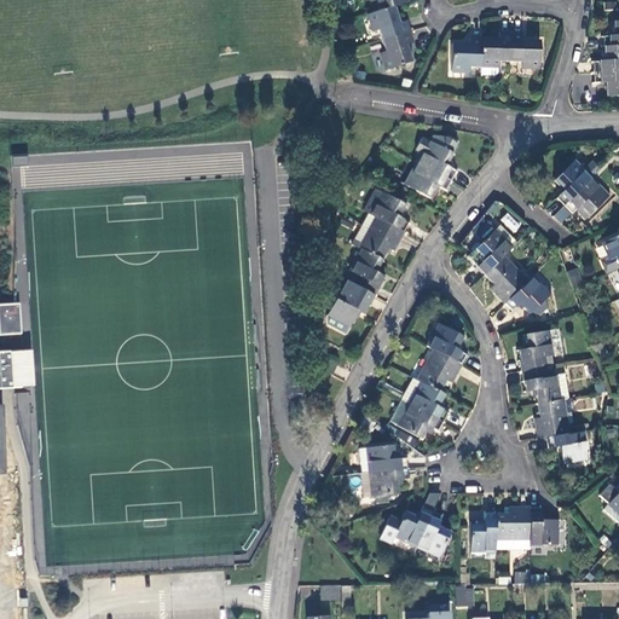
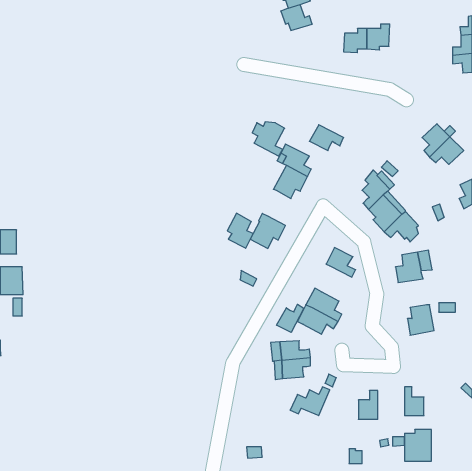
building: [381,31,412,70] -> none
building: [509,31,539,66] -> none
building: [415,135,457,180] -> [252,122,285,156]
building: [349,249,383,295] -> [227,213,253,248]
building: [415,348,461,392] -> none
building: [521,365,559,403] -> none
building: none -> [277,304,304,332]
building: [544,430,585,461] -> none
building: [494,507,530,548] -> [405,430,431,461]
building: [417,510,450,555] -> none

